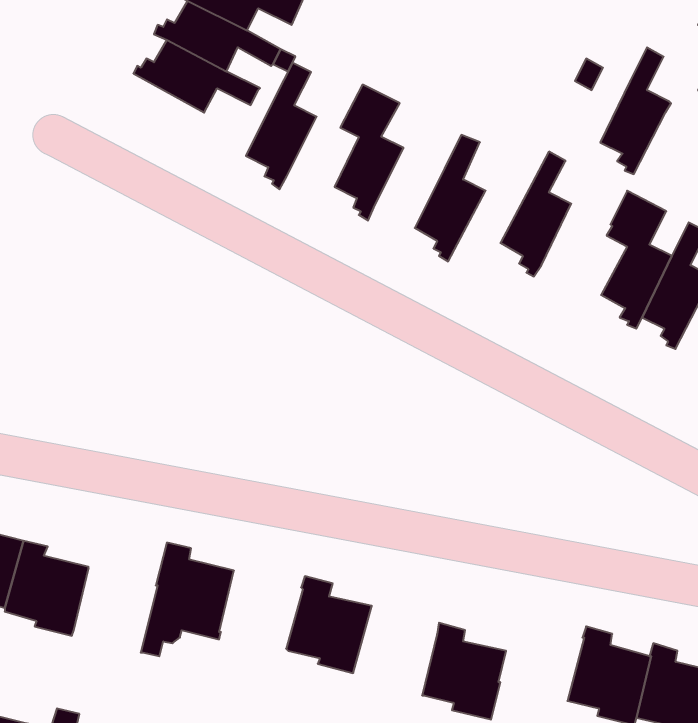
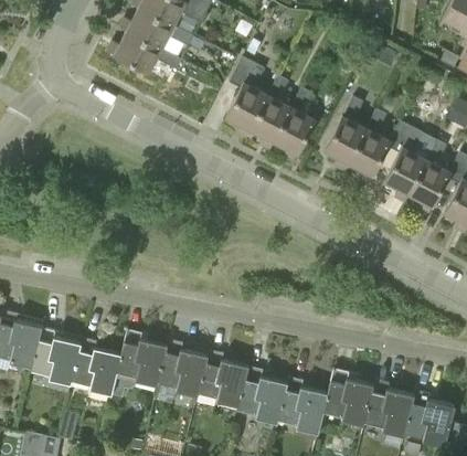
building: [600,47,671,174] -> [349,109,391,184]
building: [246,63,317,189] -> [250,76,291,151]
building: none -> [72,339,121,396]
building: none -> [158,340,208,397]
building: none -> [237,368,287,425]
building: none -> [323,370,374,427]

